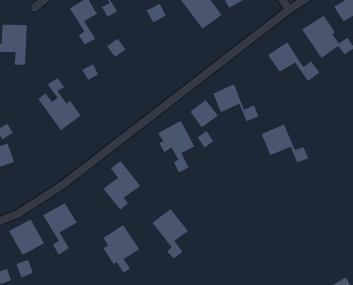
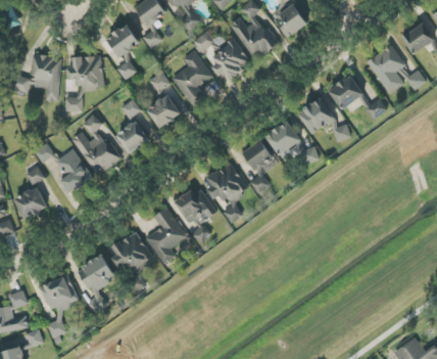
building: none -> [210,39,250,80]
building: none -> [172,50,211,105]
building: none -> [64,55,103,113]
building: none -> [147,95,181,129]
building: none -> [115,121,148,153]
building: none -> [34,143,92,193]
building: [261,124,309,163] -> [297,98,351,142]
building: [151,208,189,259] -> [175,186,216,243]
building: [103,224,140,274] -> [111,231,153,286]

